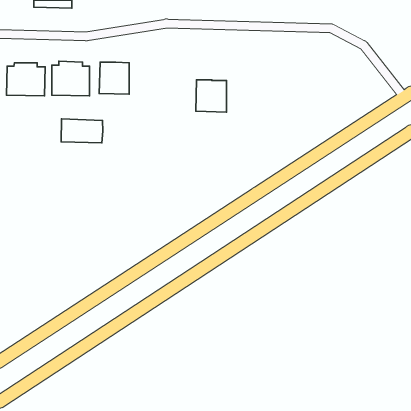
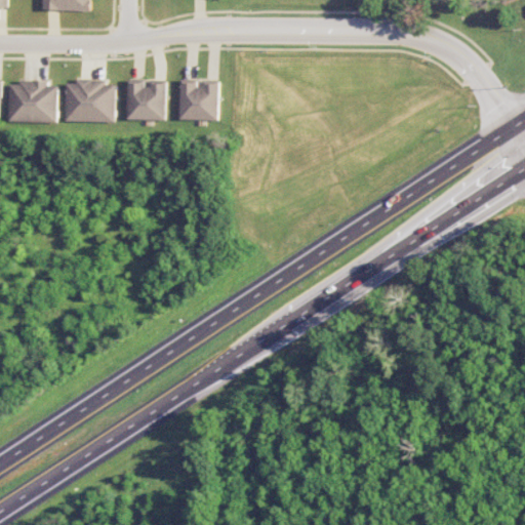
building: [196,80,226,112] -> [178,80,217,121]
building: [61,119,103,143] -> none

